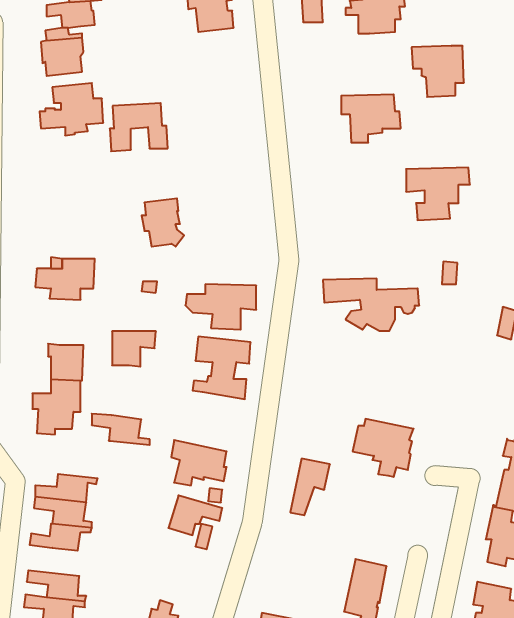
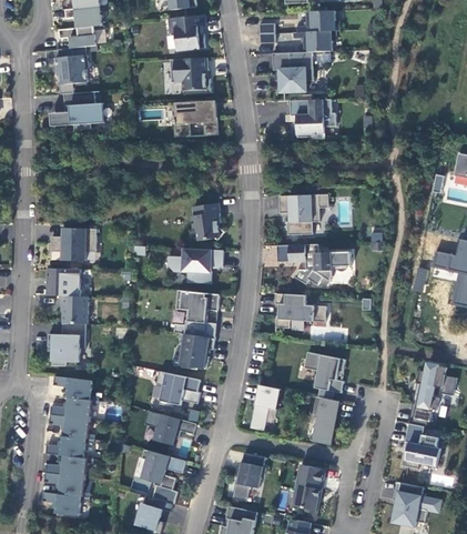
building: none -> [170,58,210,93]
building: [412,46,464,97] -> [272,52,313,92]
building: [110,103,168,151] -> [173,100,219,138]
building: [406,168,470,220] -> [278,194,328,235]
building: [142,198,184,247] -> [191,203,224,241]
building: [112,331,156,367] -> [47,269,81,296]
building: none -> [274,293,326,329]
building: none -> [180,333,214,370]
building: [92,414,150,445] -> [53,376,99,401]
building: none -> [312,396,339,444]
building: none -> [141,450,185,491]
building: none -> [232,453,265,501]
building: none -> [44,455,93,477]

